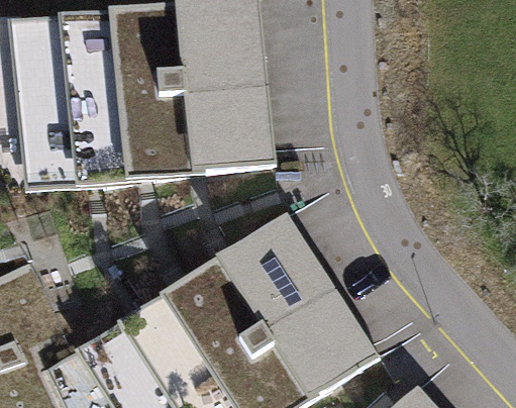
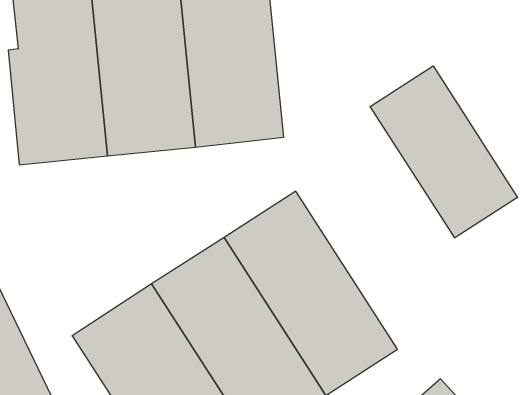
building: none -> [370,66,518,238]

